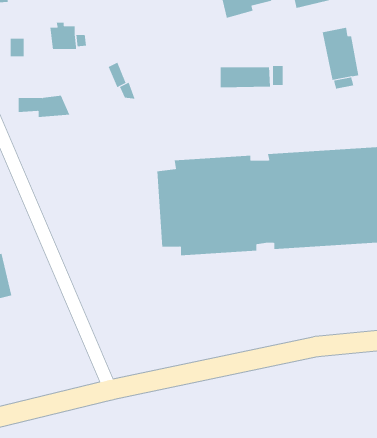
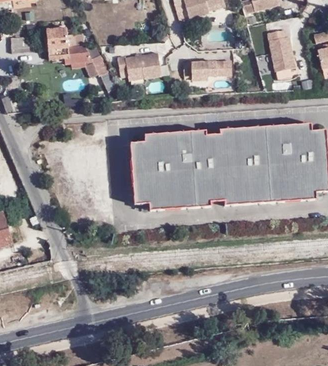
building: none -> [114,51,160,81]
building: [18,95,70,117] -> [46,43,88,61]

